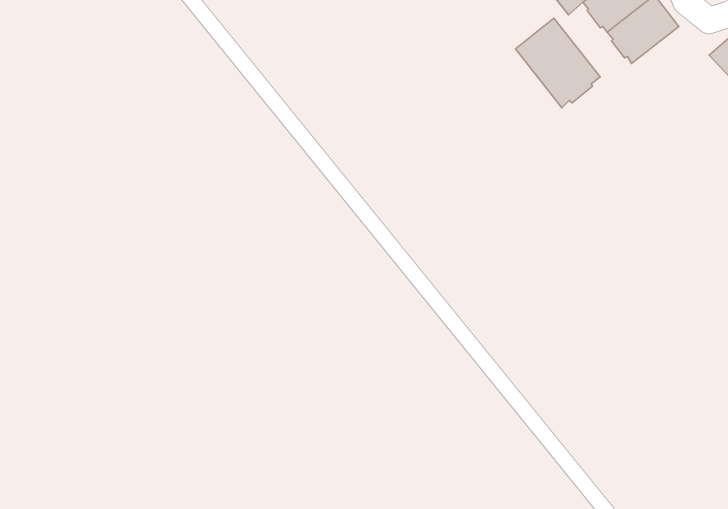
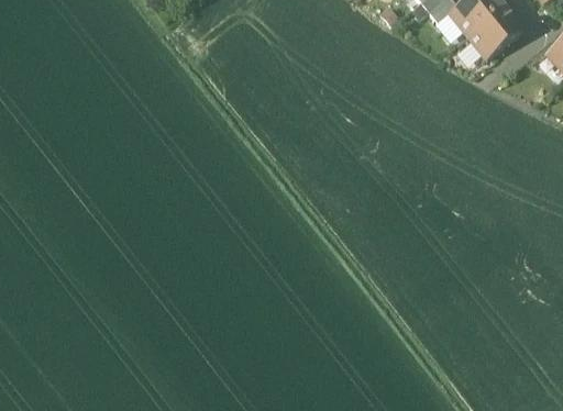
building: [515,18,600,108] -> none

